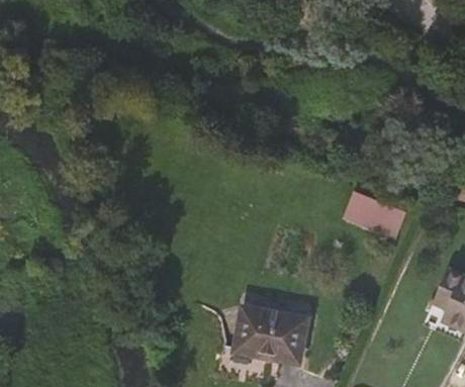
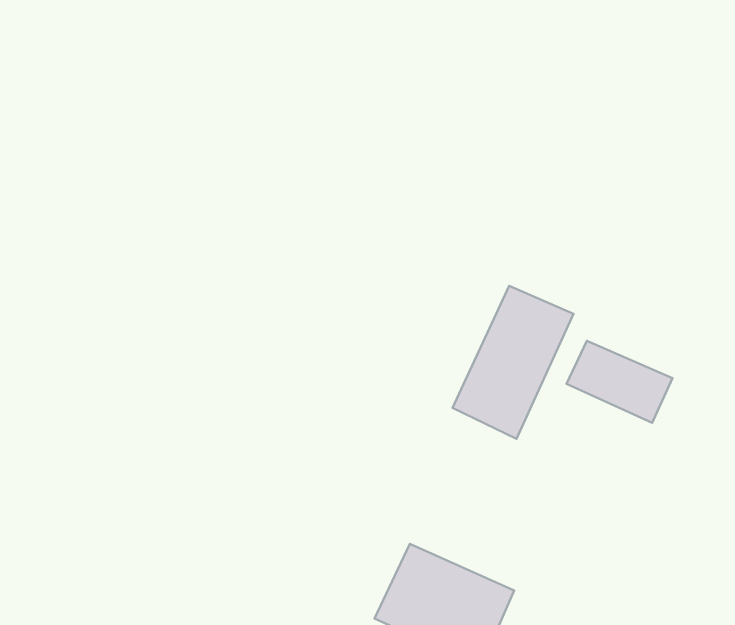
building: none -> [453,286,574,439]

